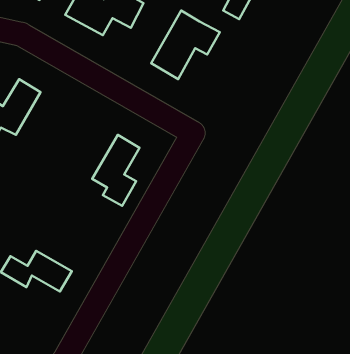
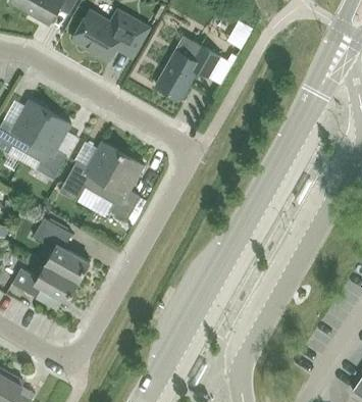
building: none -> [27,112,71,179]
building: none -> [59,142,123,201]
building: none -> [33,218,91,283]

